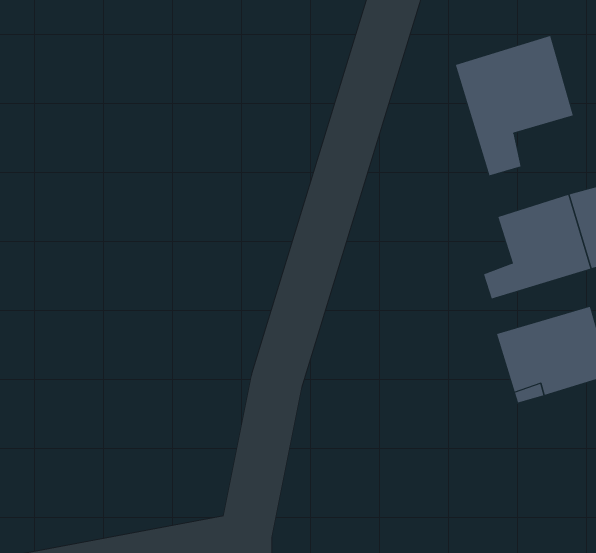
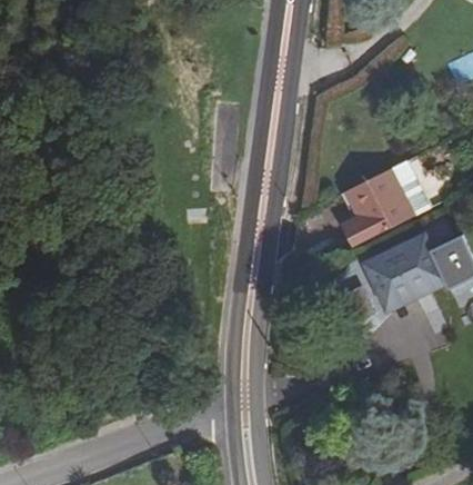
building: [455,35,574,176] -> none

